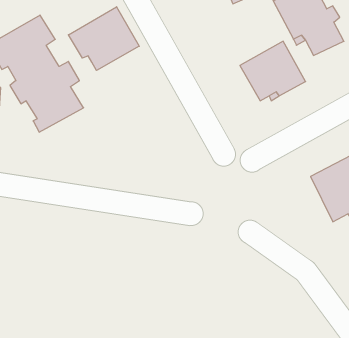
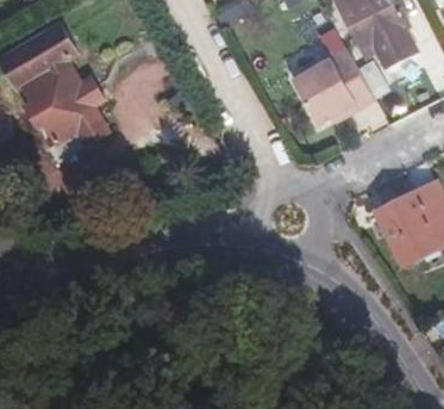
building: [68,7,139,70] -> none

